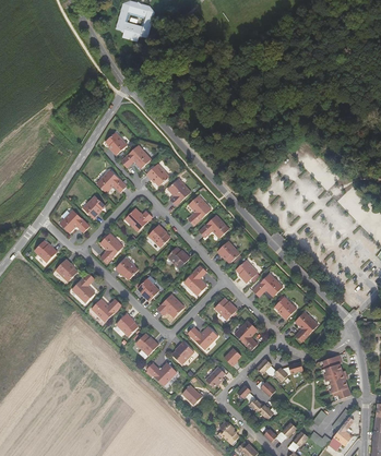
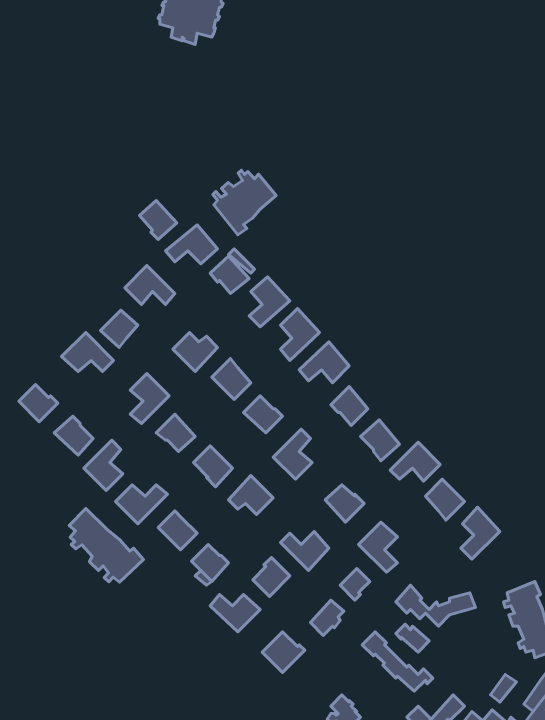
building: none -> [213,170,276,235]
building: none -> [69,509,144,582]

